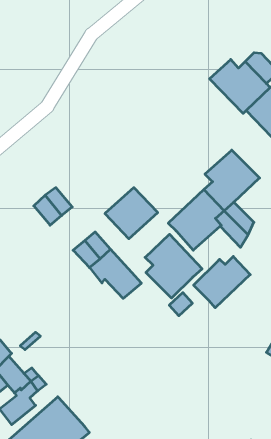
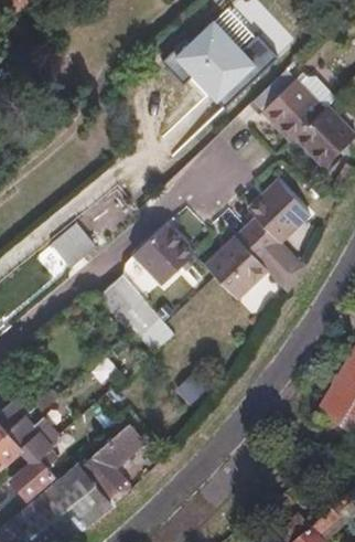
building: none -> [174,15,257,99]
building: [145,234,202,298] -> none
building: [194,256,250,308] -> none
building: none -> [80,424,143,499]

